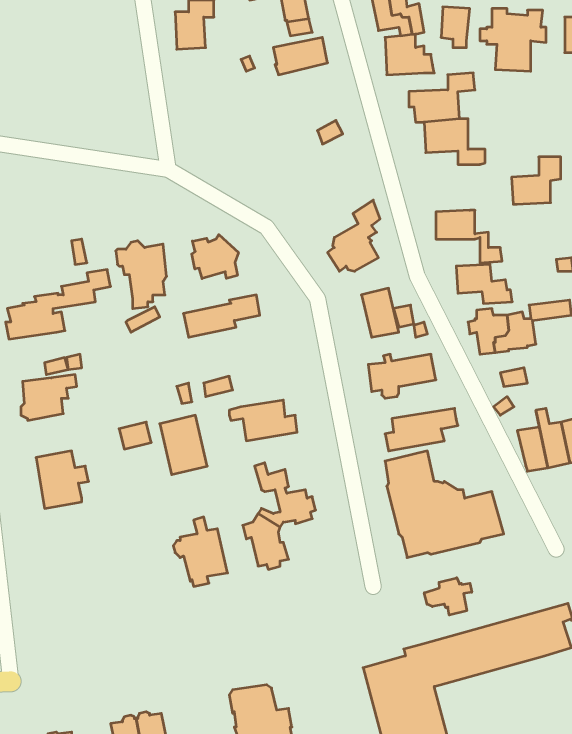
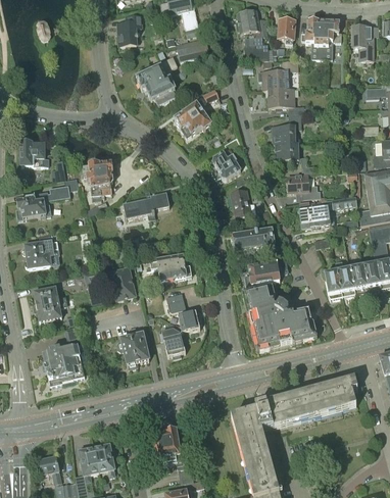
building: none -> [135,55,177,103]
building: none -> [174,102,211,136]
building: [512,157,561,204] -> [272,113,301,142]
building: none -> [21,141,48,164]
building: [192,235,238,279] -> none
building: none -> [43,323,85,385]
building: [424,578,472,615] -> none

